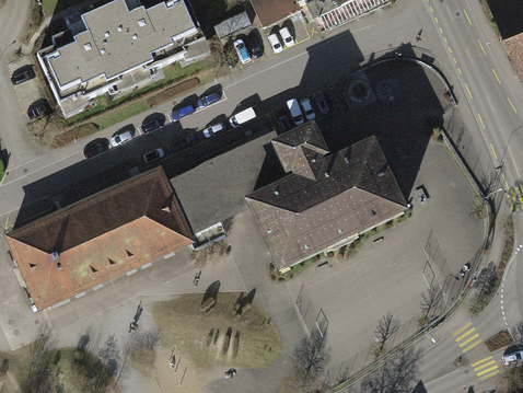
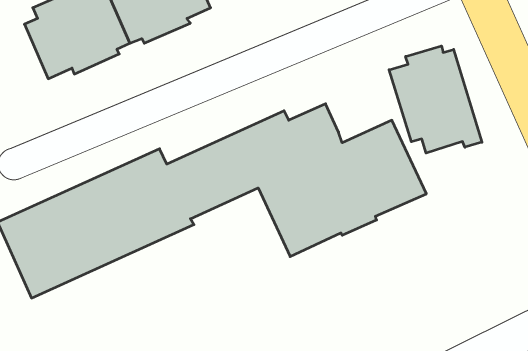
building: none -> [389,46,482,153]

